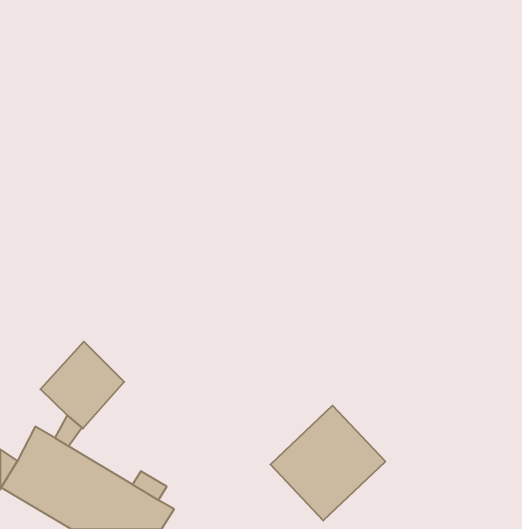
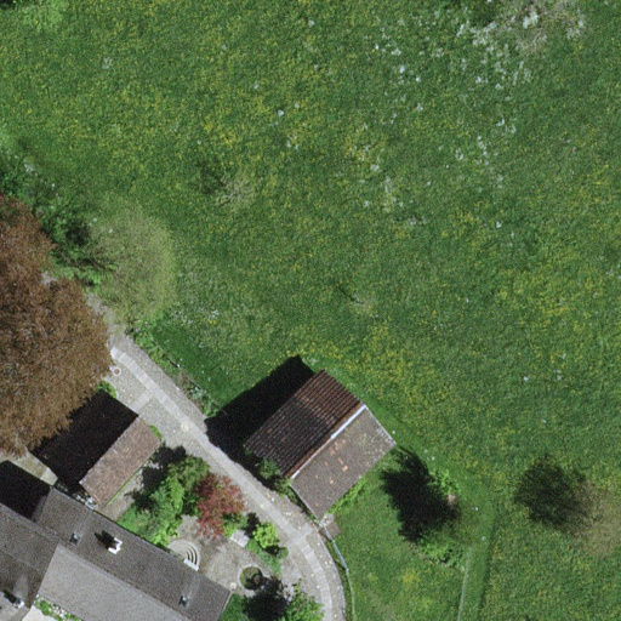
building: [270,406,385,521] -> [253,376,388,511]

